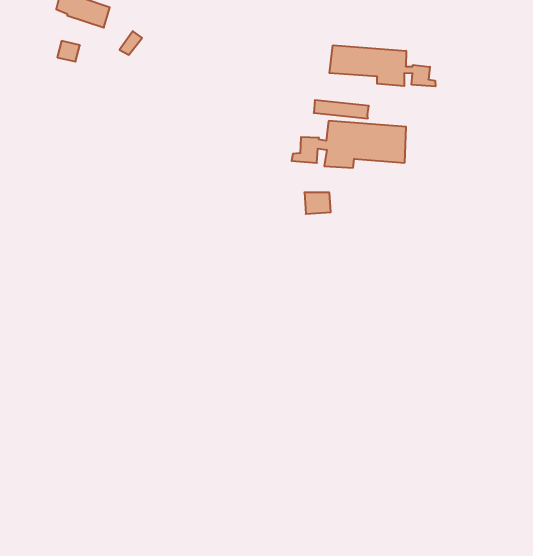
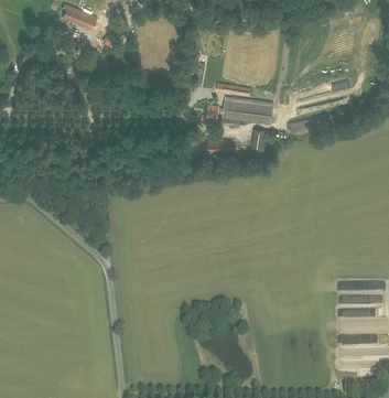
building: [329,45,435,86] -> none

